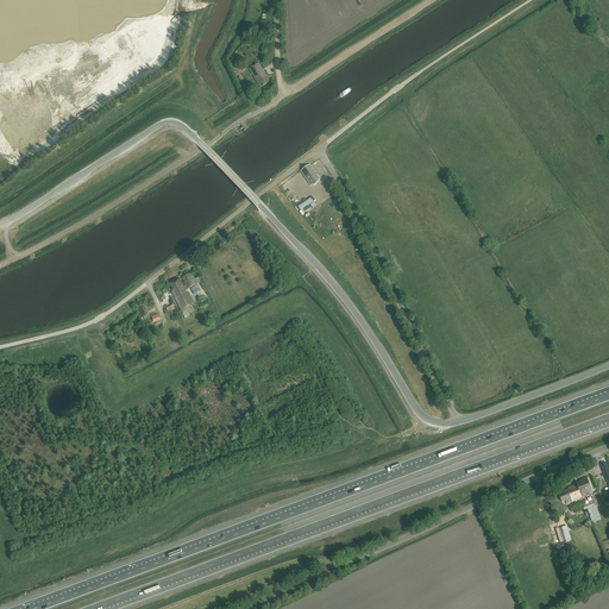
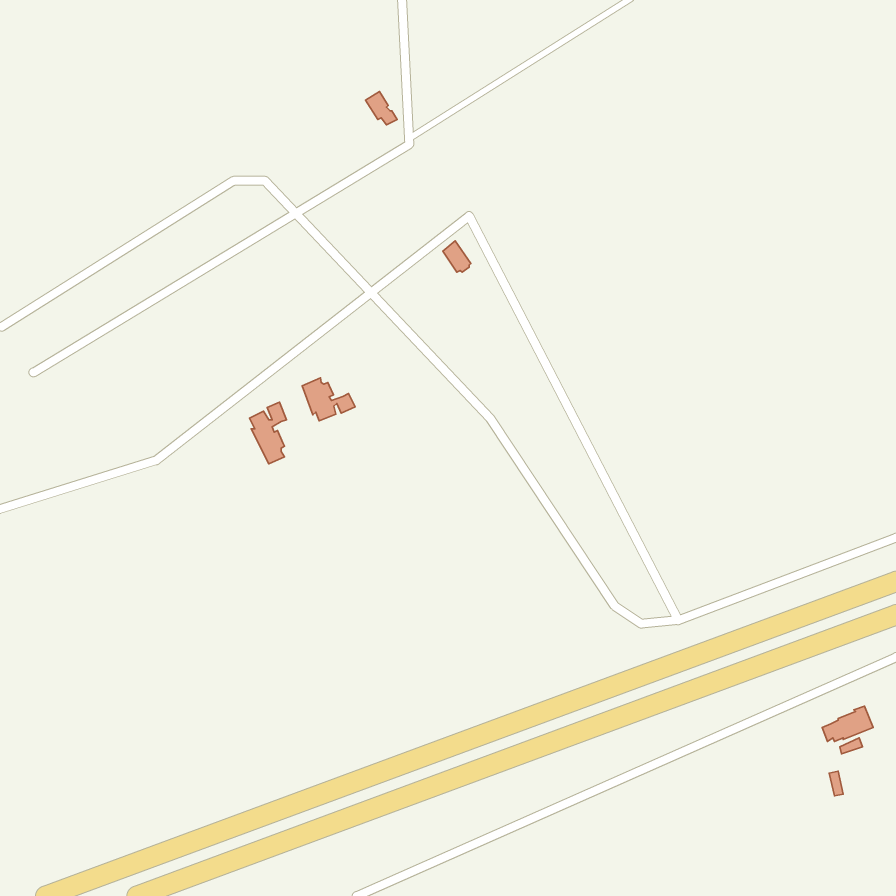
building: none -> [302,378,355,421]

